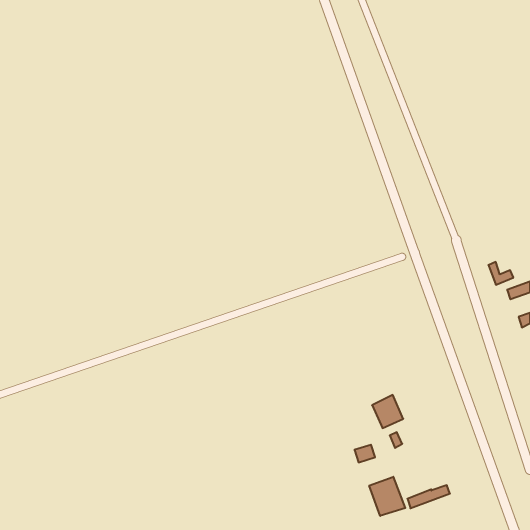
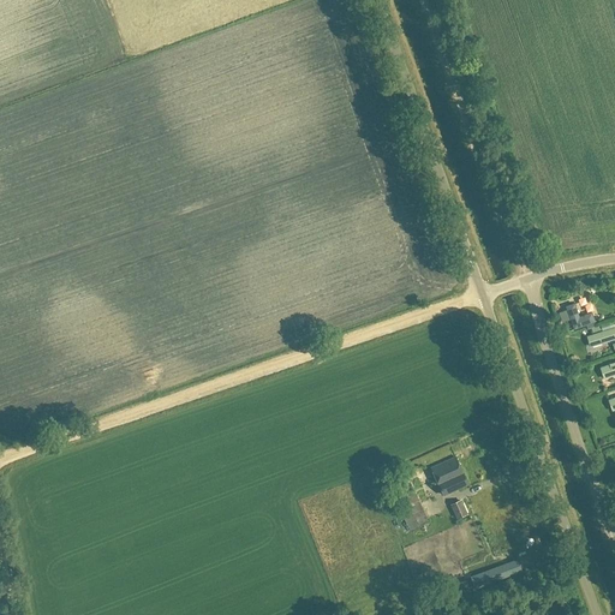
building: [369,477,405,516] -> none

